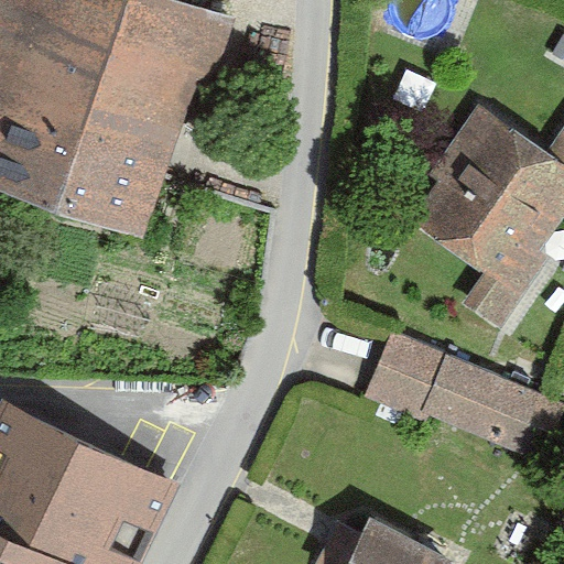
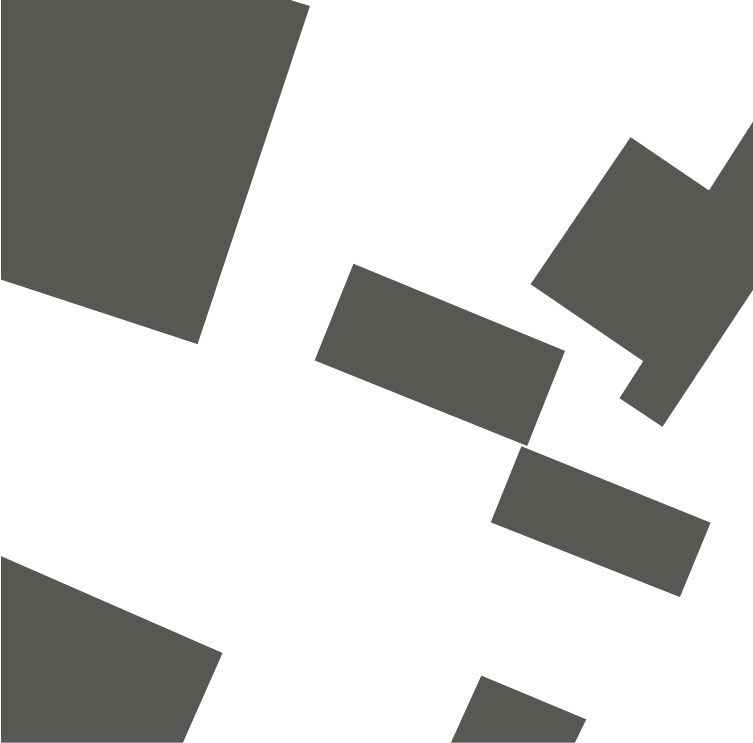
building: none -> [314,263,566,447]

